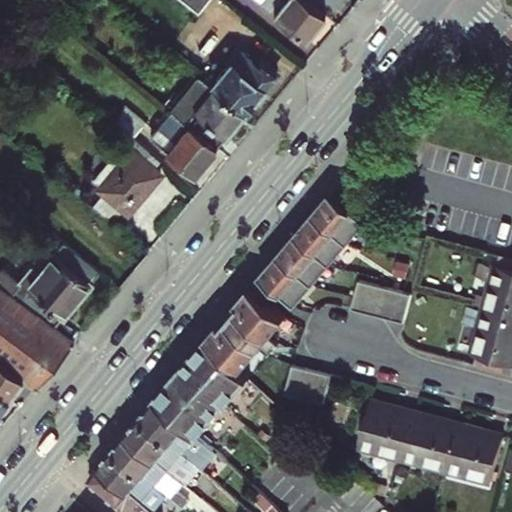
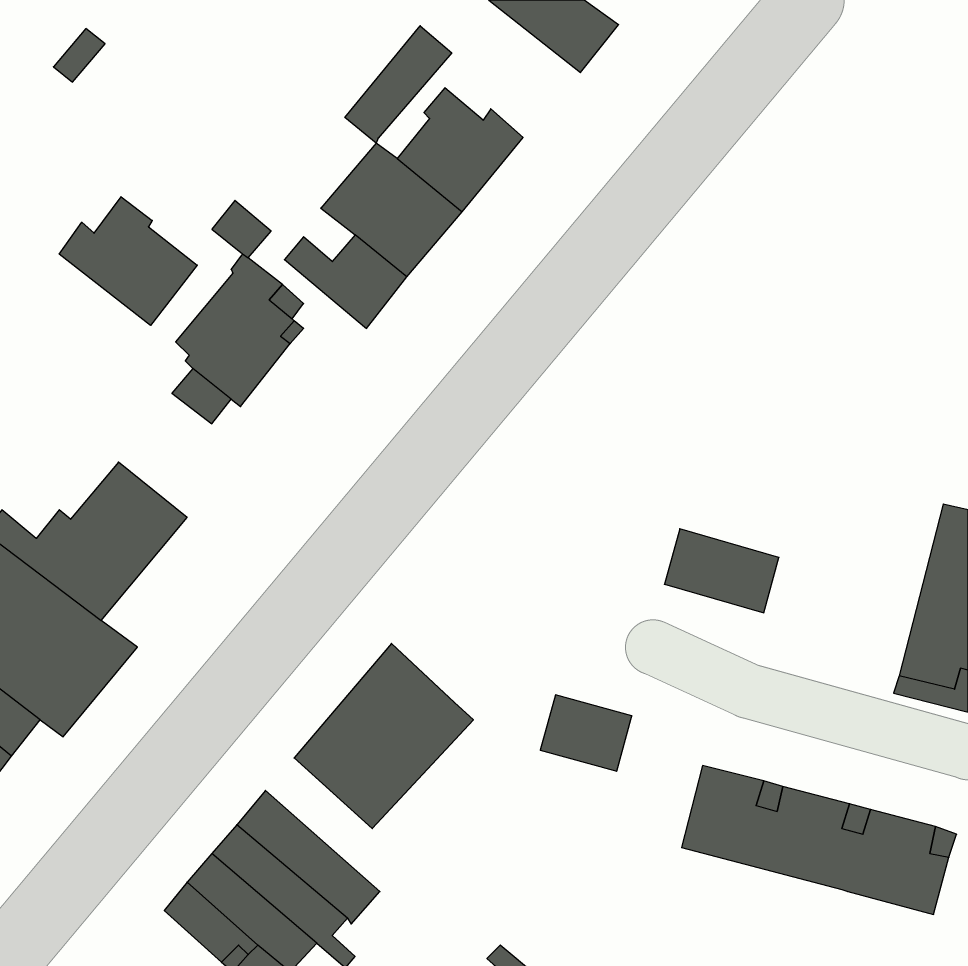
building: none -> [345,26,452,143]
building: none -> [59,197,197,325]
building: [205,195,365,373] -> none
building: [139,402,210,472] -> none

